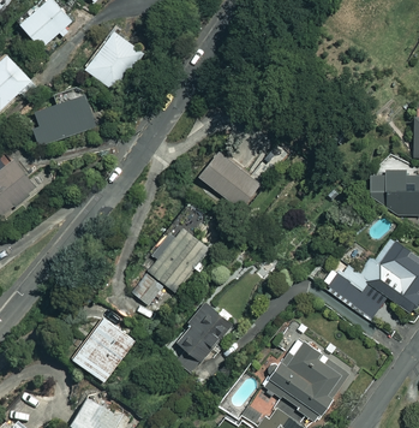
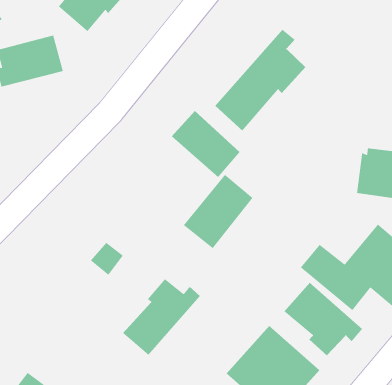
building: none -> [214,29,306,132]
building: [146,221,208,290] -> [183,174,254,249]
building: none -> [284,282,363,356]
building: [73,314,138,381] -> none

